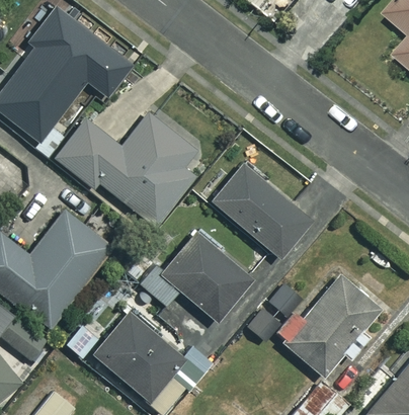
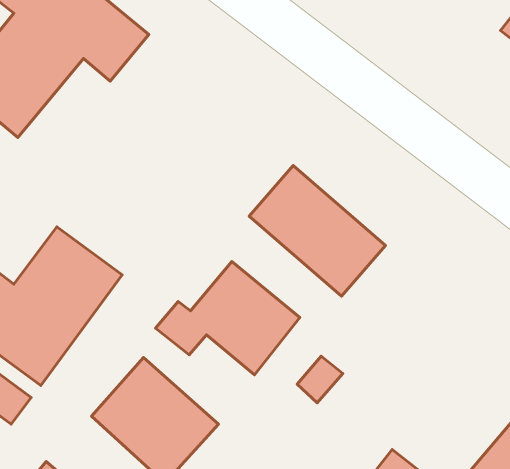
building: [54,112,196,228] -> none
building: [272,274,381,378] -> none

